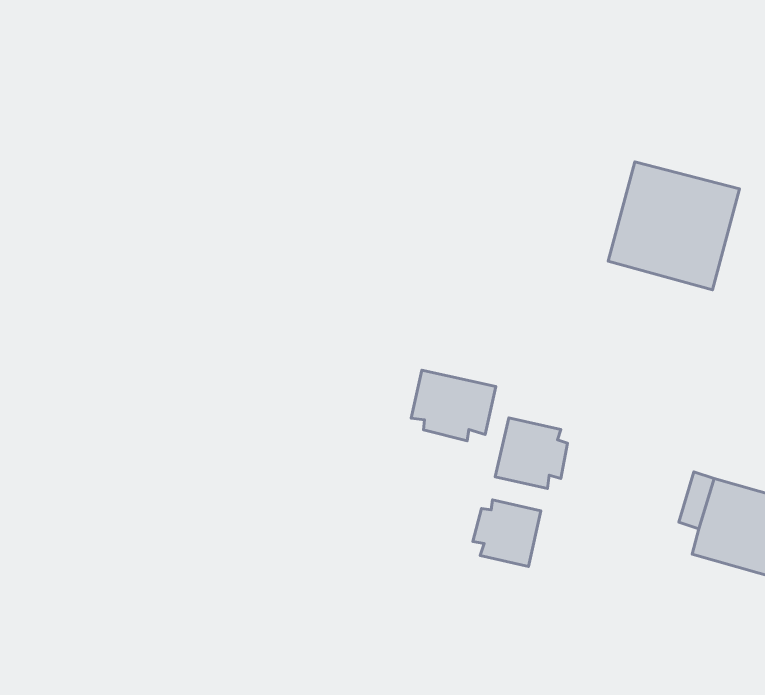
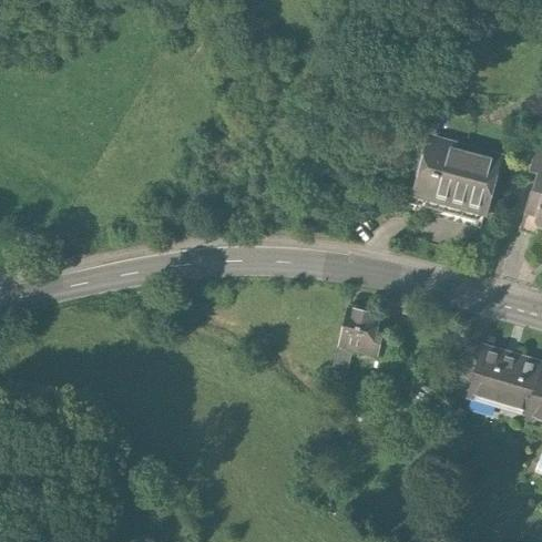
building: [411,370,496,441] -> none
building: [473,500,541,566] -> none

